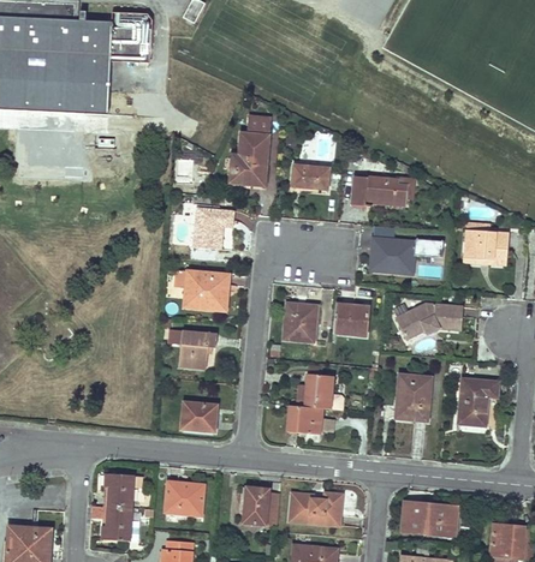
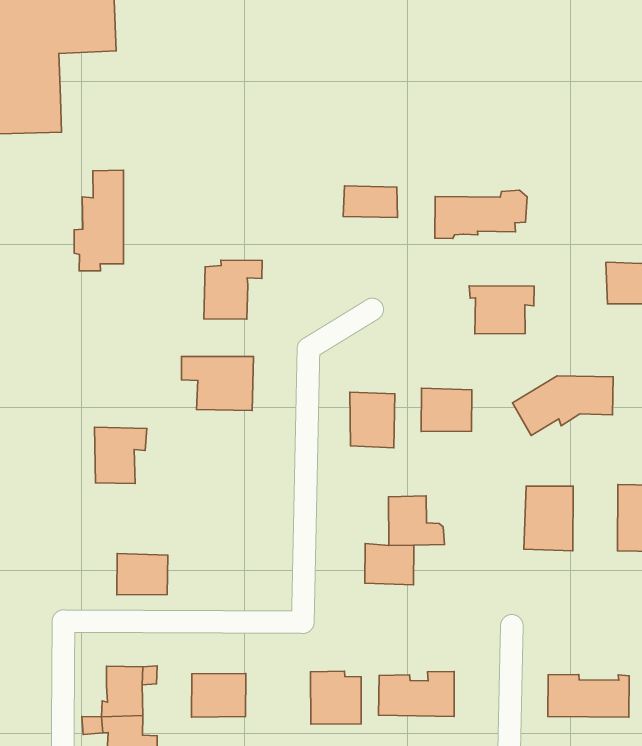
building: [231,116,268,184] -> [74,170,123,271]
building: [179,330,216,370] -> [95,427,147,483]
building: [180,401,216,431] -> [117,554,168,595]

